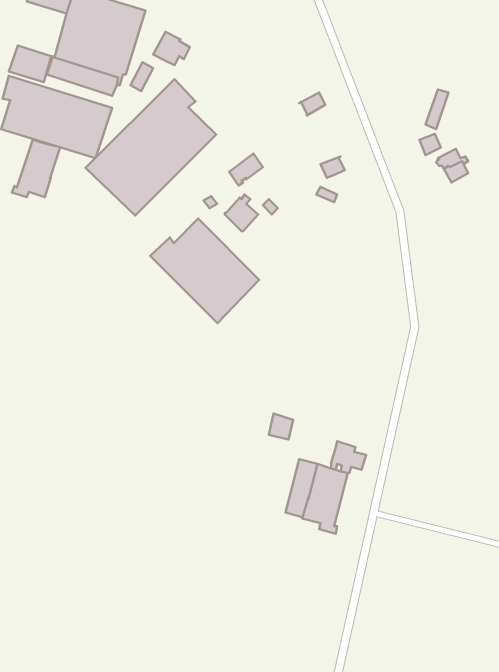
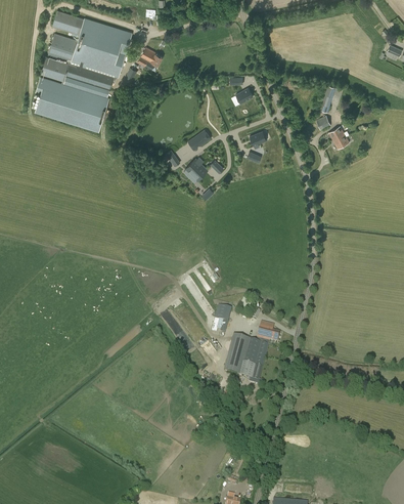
building: none -> [47,32,77,60]
building: [86,79,216,215] -> none
building: [12,139,60,197] -> none
building: [150,219,259,323] -> none

